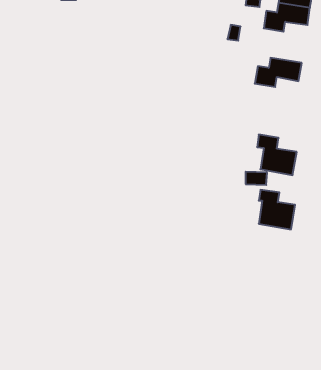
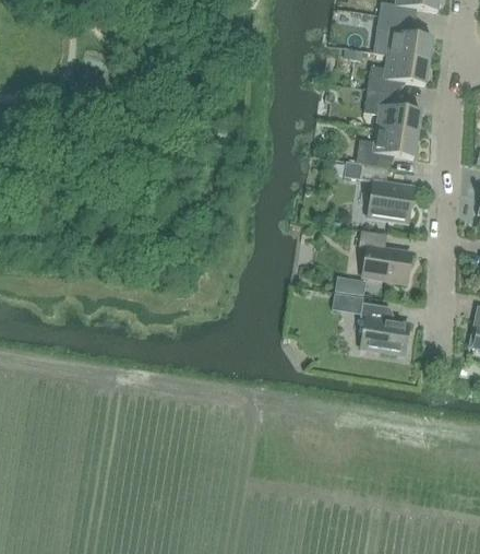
building: none -> [363,87,421,133]
building: none -> [359,163,413,222]

